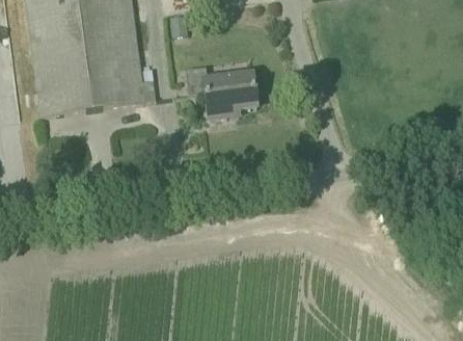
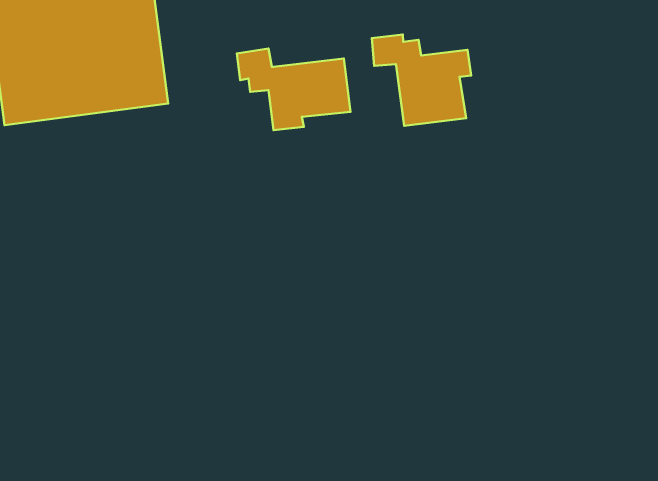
building: none -> [372,34,471,126]

